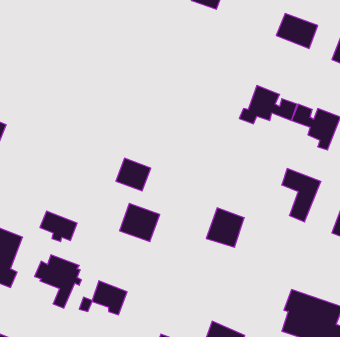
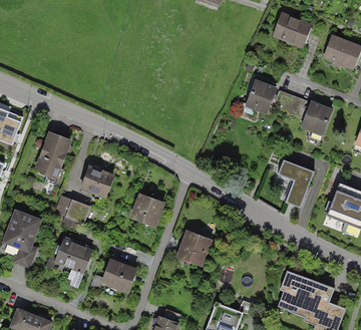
building: none -> [34,134,71,180]
building: [116,158,151,191] -> [81,167,113,197]
building: [206,208,244,247] -> [175,229,211,265]

